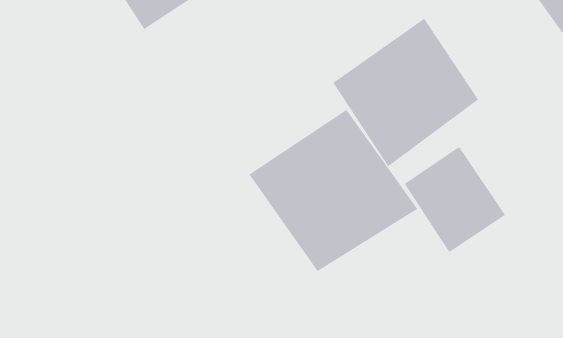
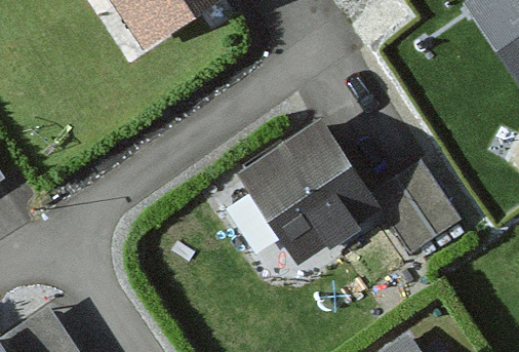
building: [332,18,479,167] -> none

